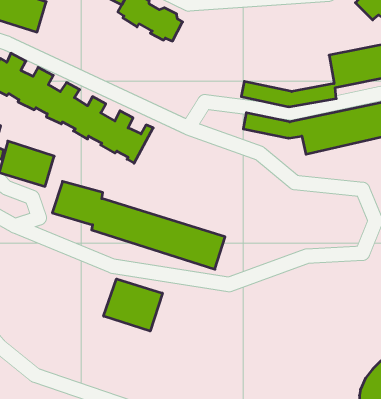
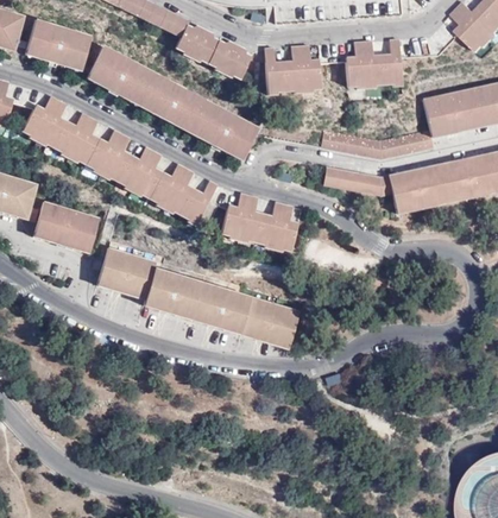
building: none -> [345,39,402,90]
building: none -> [86,43,257,158]
building: none -> [264,46,321,99]
building: none -> [220,191,297,251]
building: [104,279,162,331] -> none

